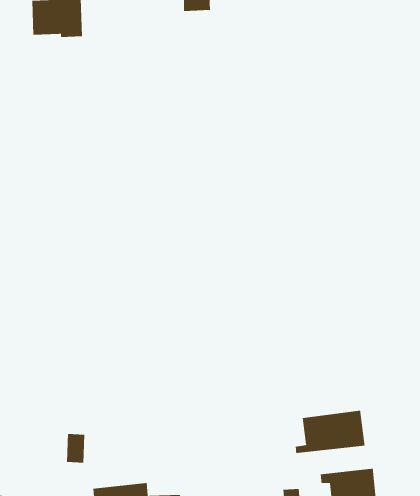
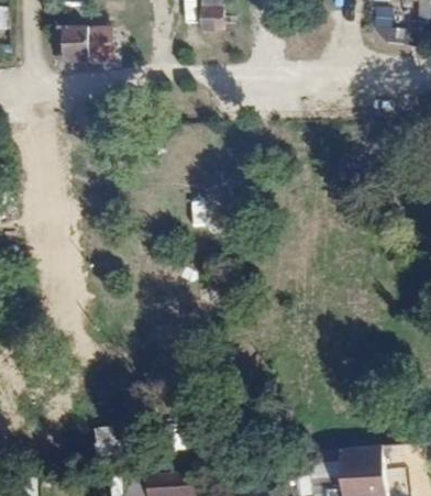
building: [295,410,365,454] -> none

